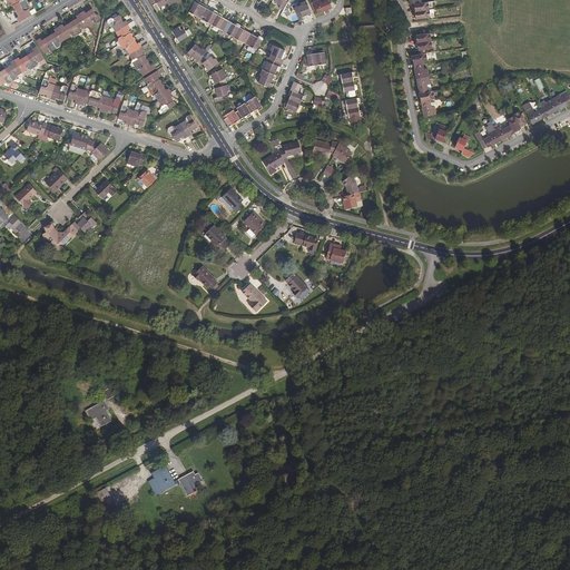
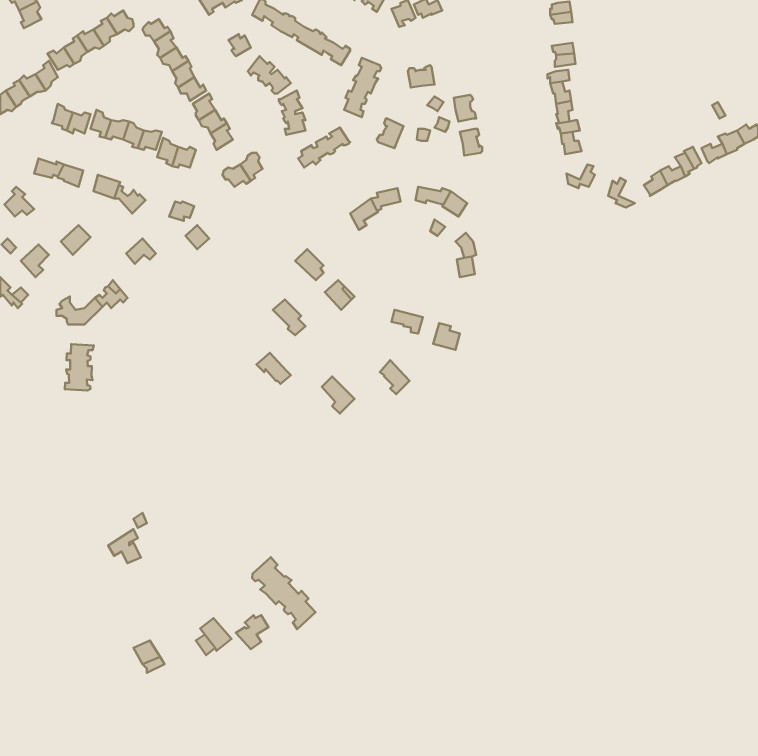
building: none -> [65,344,94,391]
building: none -> [252,557,315,629]

